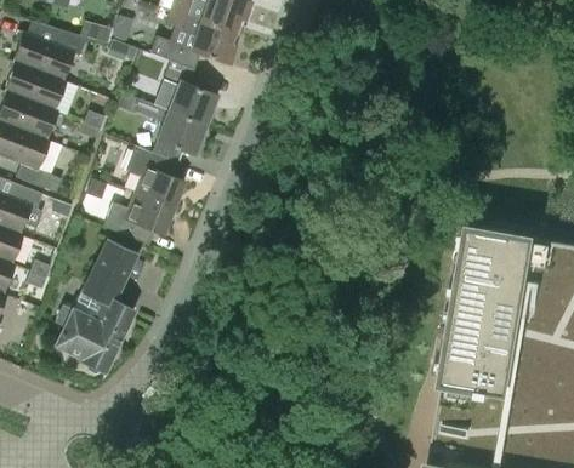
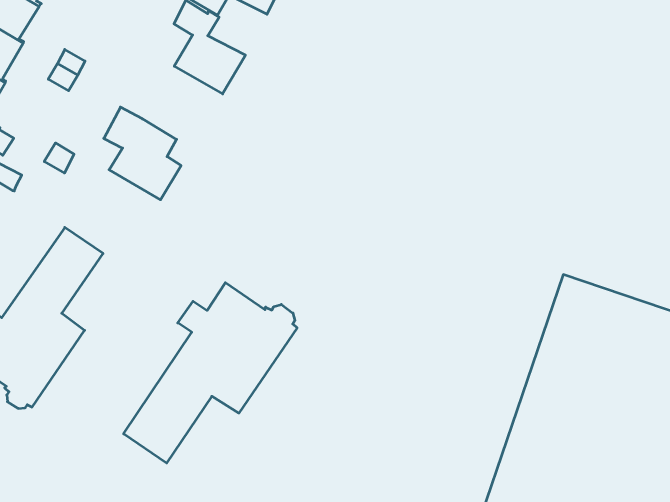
building: [116,93,206,164] -> none
building: [103,193,174,245] -> none
building: none -> [124,283,297,463]

